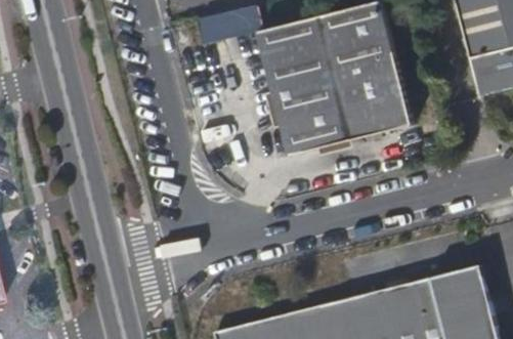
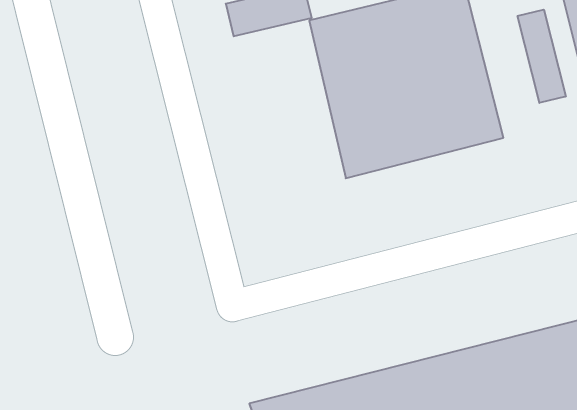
building: none -> [518,10,566,103]

